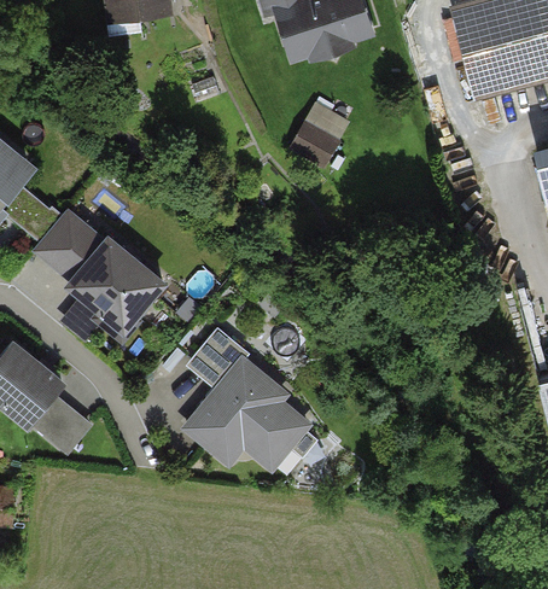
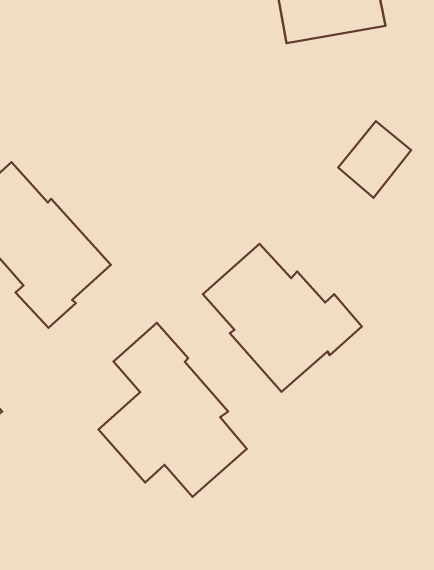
building: [290,101,351,169] -> [338,121,411,198]
building: none -> [203,244,362,392]

